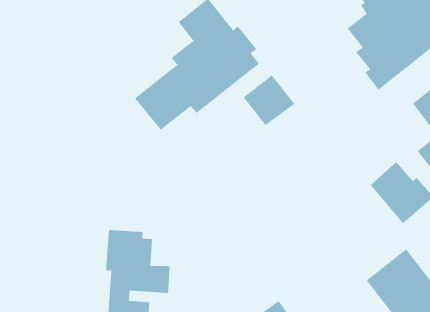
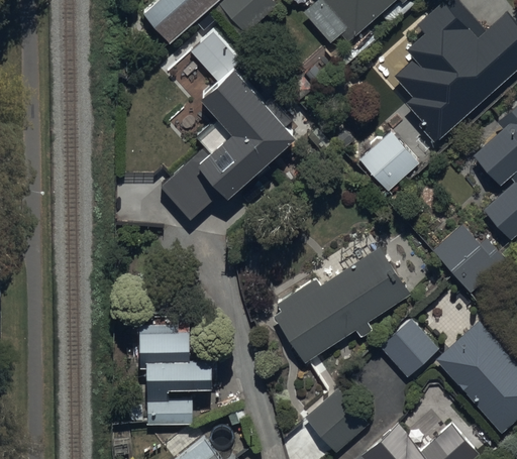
building: [243,75,295,126] -> [360,133,420,192]
building: none -> [274,247,411,365]
building: none -> [380,318,440,378]

